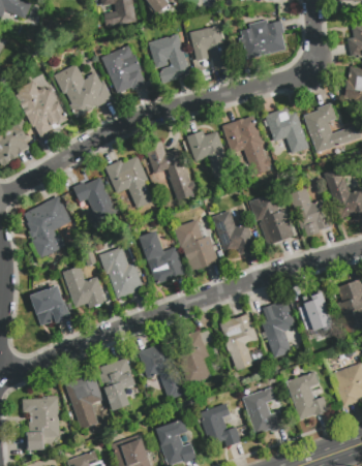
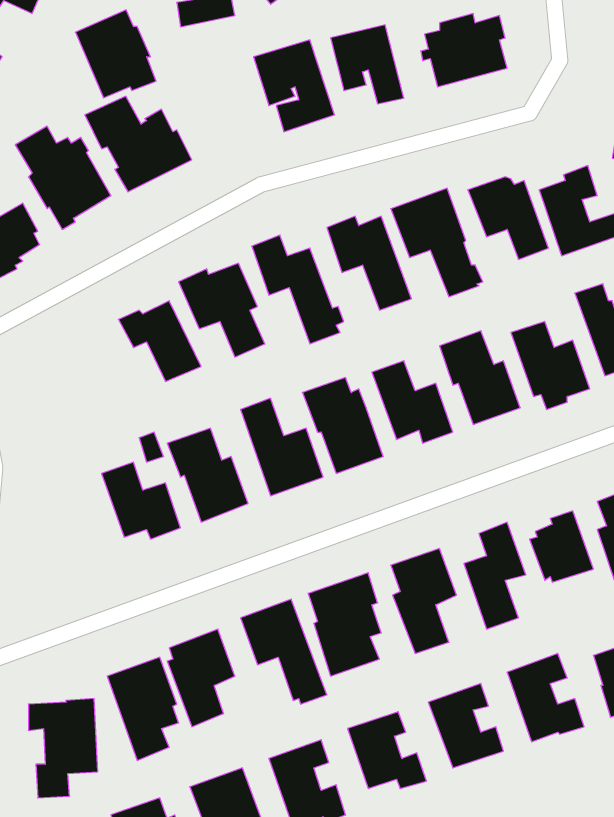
building: [100,44,145,93] -> [75,10,156,98]
building: [22,195,71,258] -> none
building: [29,285,70,325] -> none

